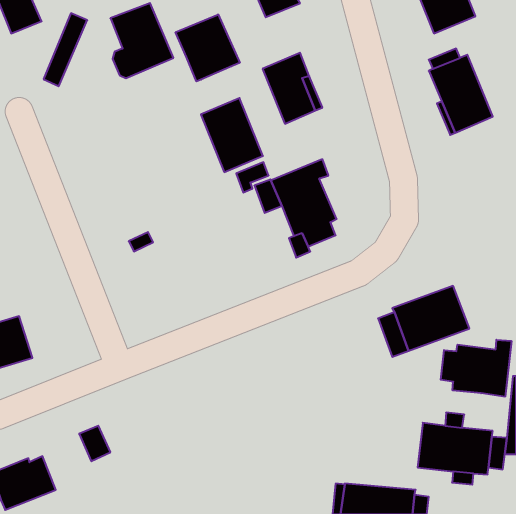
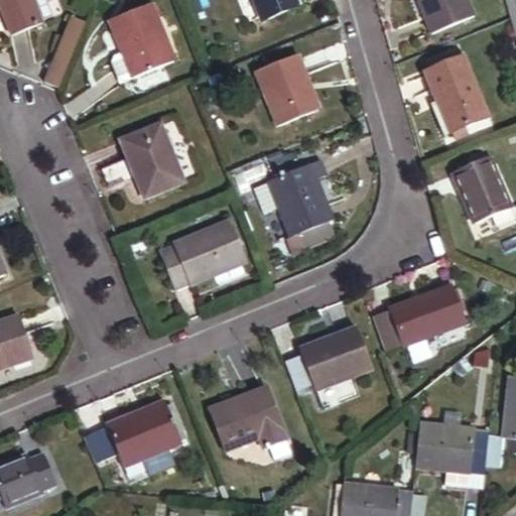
building: [176,14,240,81] -> none
building: [201,98,263,172] -> [120,124,181,198]
building: none -> [454,161,508,228]
building: none -> [159,221,245,287]
building: none -> [285,324,373,393]
building: [441,340,511,397] -> none
building: none -> [210,385,290,458]
building: none -> [106,399,182,465]

